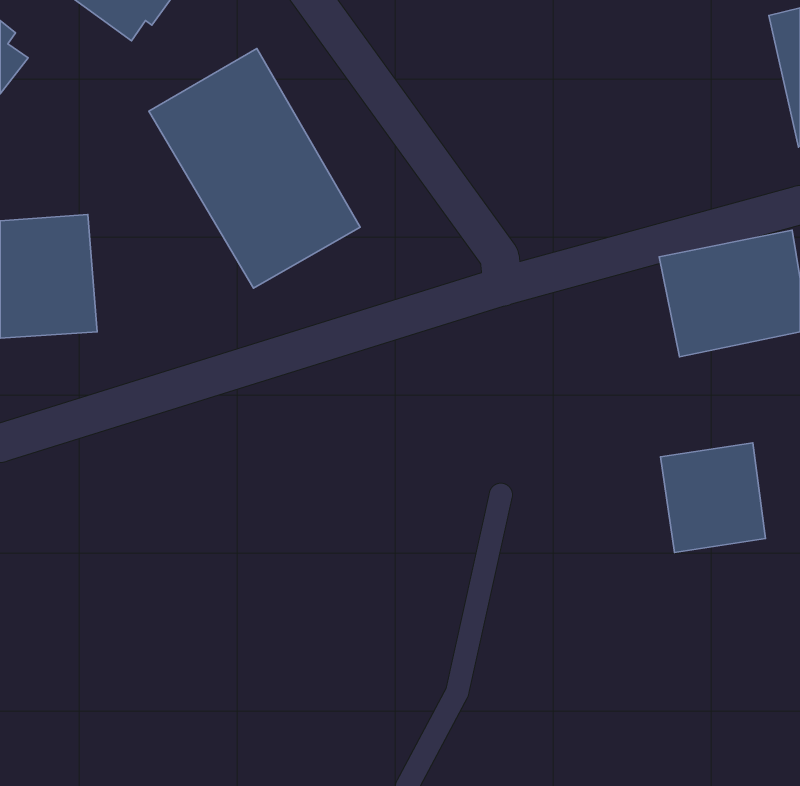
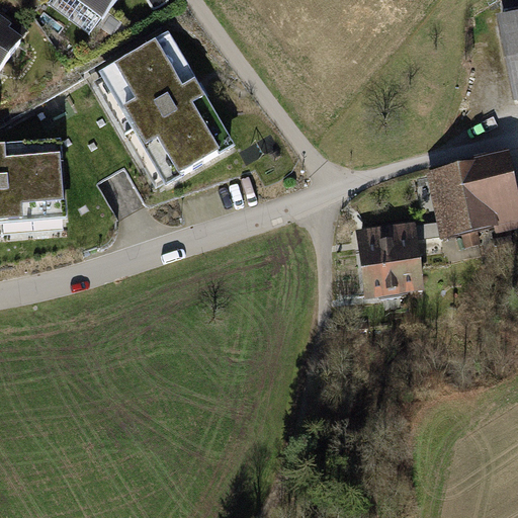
building: [660,443,765,552] -> [357,224,425,294]

